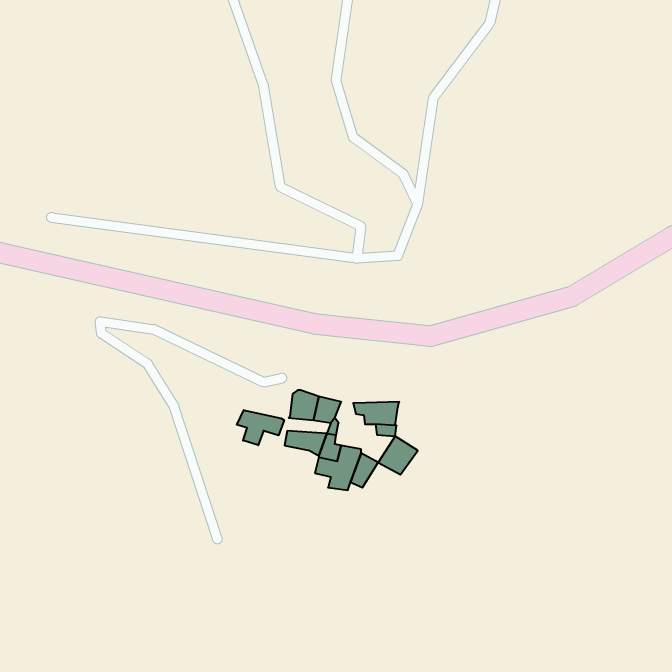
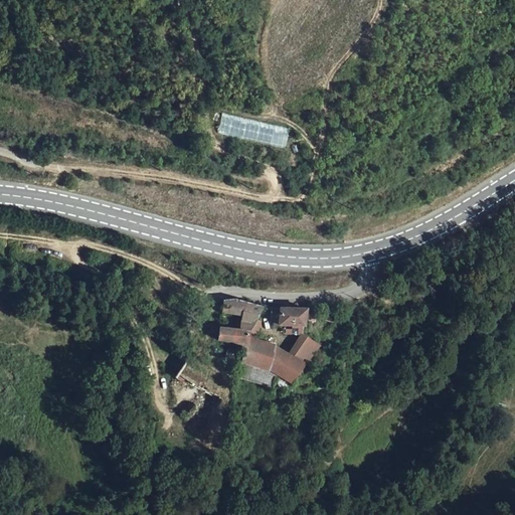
building: none -> [219,113,290,144]
building: [237,410,284,445] -> none
building: none -> [278,353,307,380]

